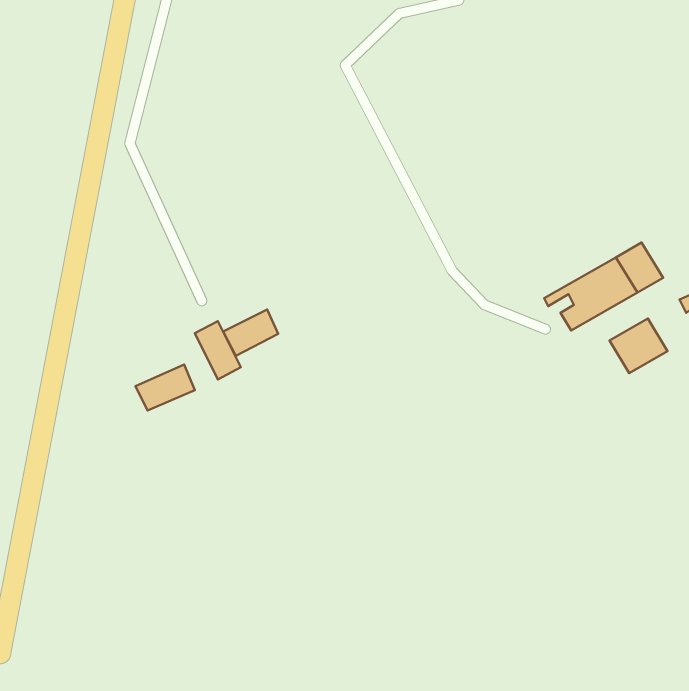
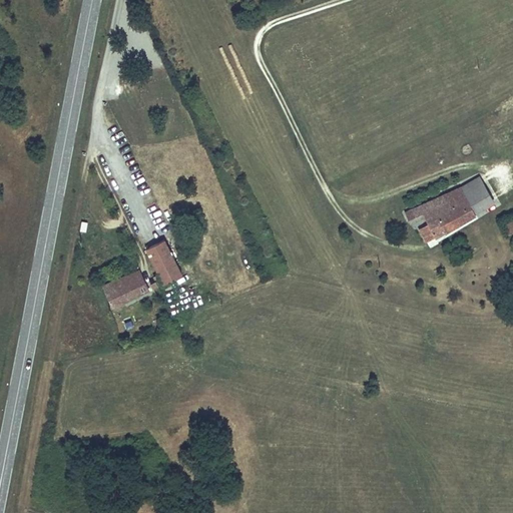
building: [223,310,278,356] -> none
building: [610,319,668,373] -> none

